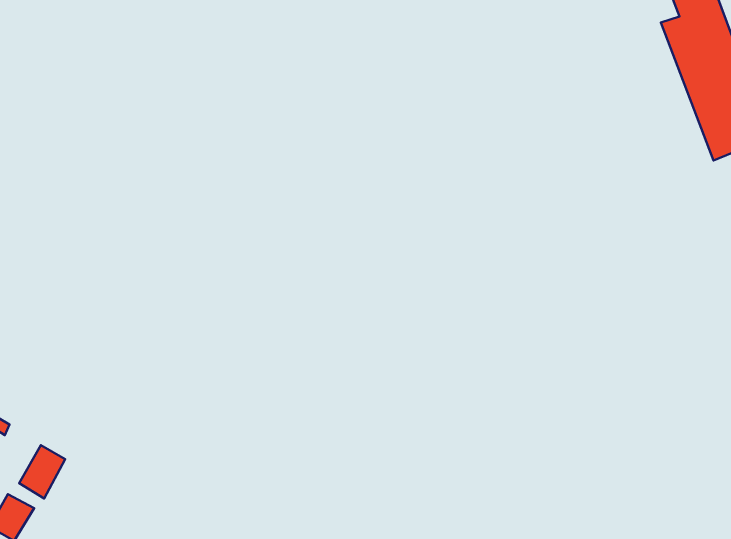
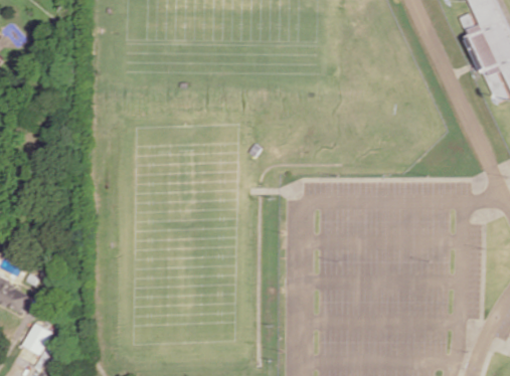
building: [19,445,65,499] -> none

